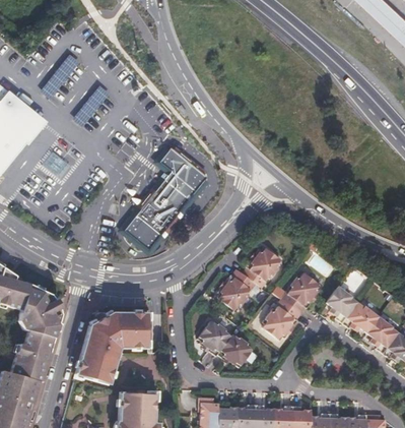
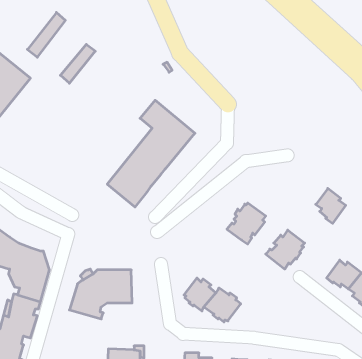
building: [217,269,258,309] -> none
building: [327,287,357,322] -> [316,188,346,223]
building: [263,298,301,341] -> none
building: [76,355,115,385] -> none

